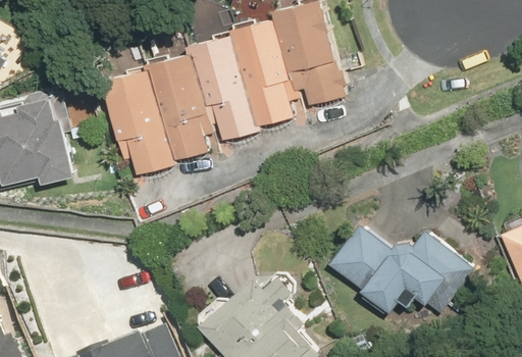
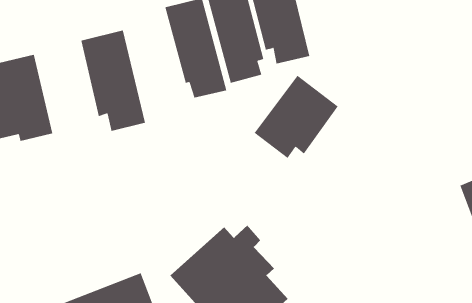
building: [149,53,210,159] -> none
building: none -> [254,75,339,159]
building: [327,219,474,310] -> none

